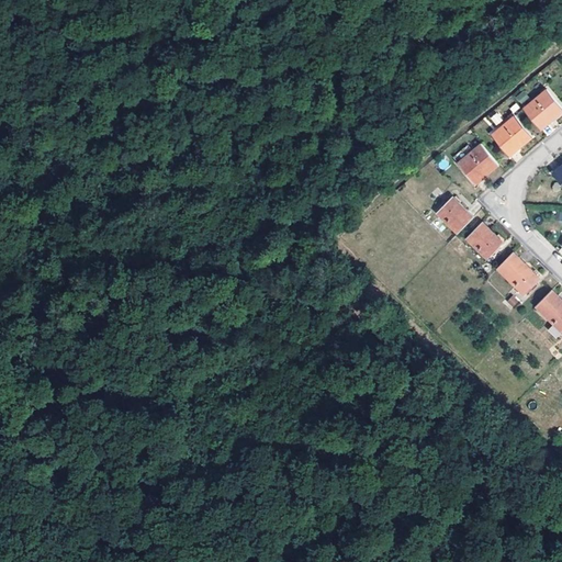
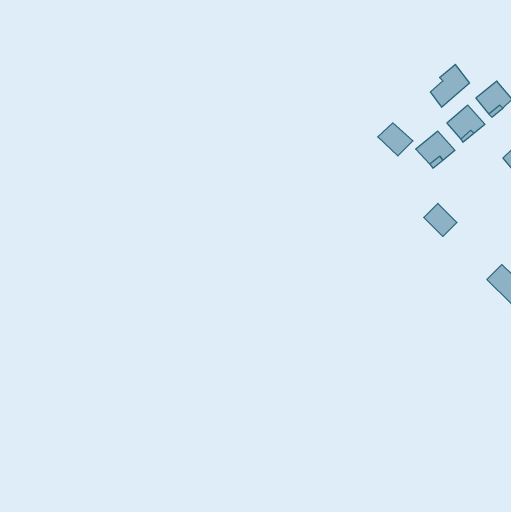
building: none -> [430,64,470,107]
building: [436,196,474,233] -> [378,123,413,156]
building: [497,252,538,294] -> none

